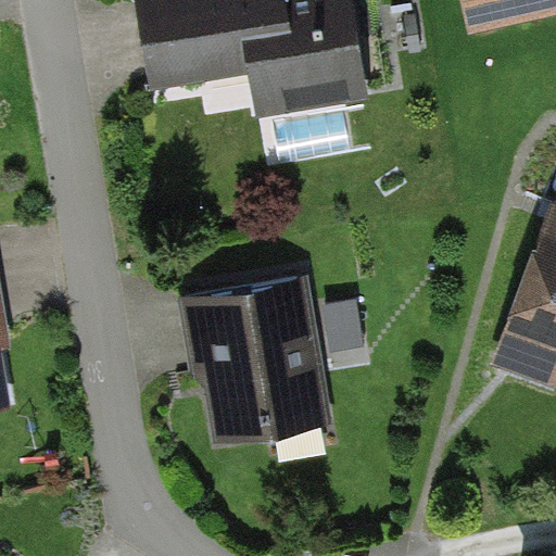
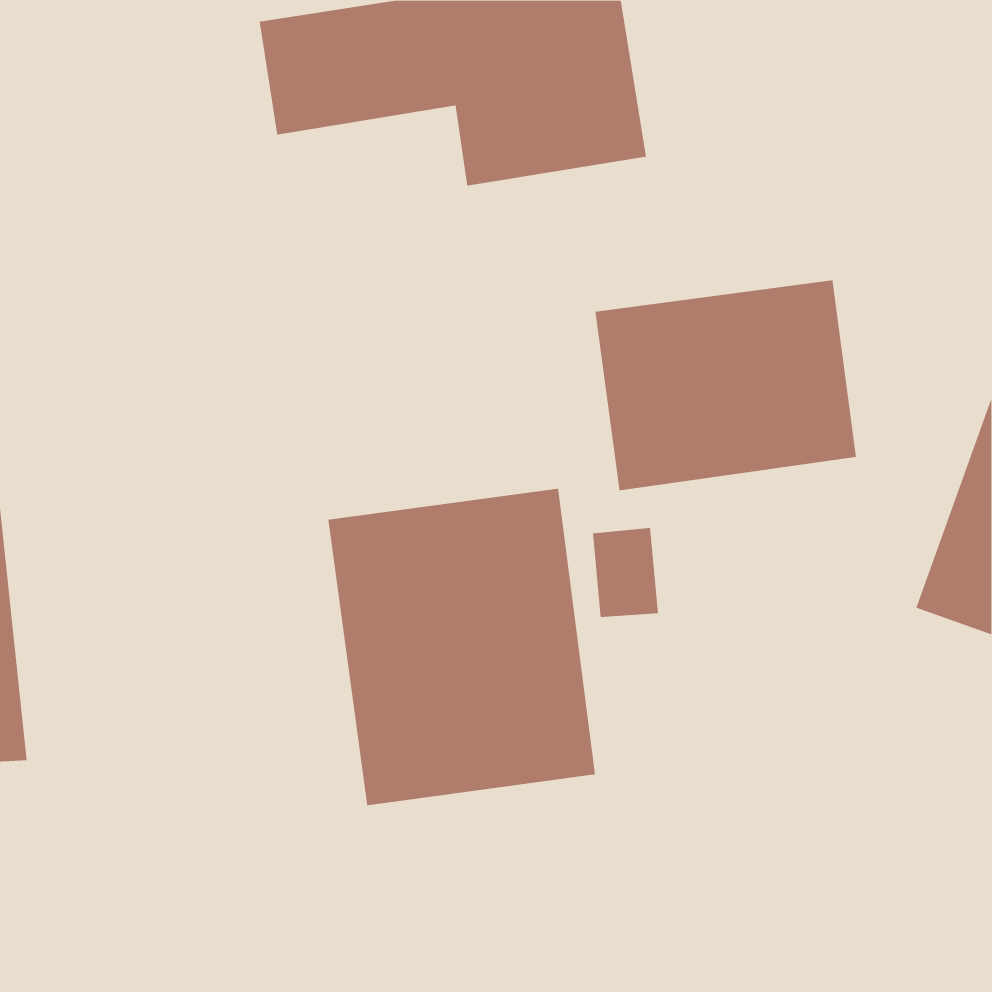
building: none -> [595,279,857,491]

